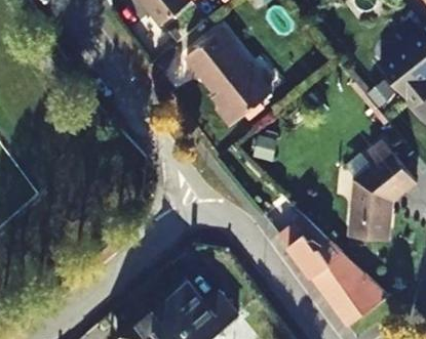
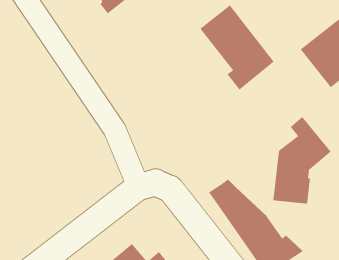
building: [185,30,270,127] -> [199,4,275,90]

